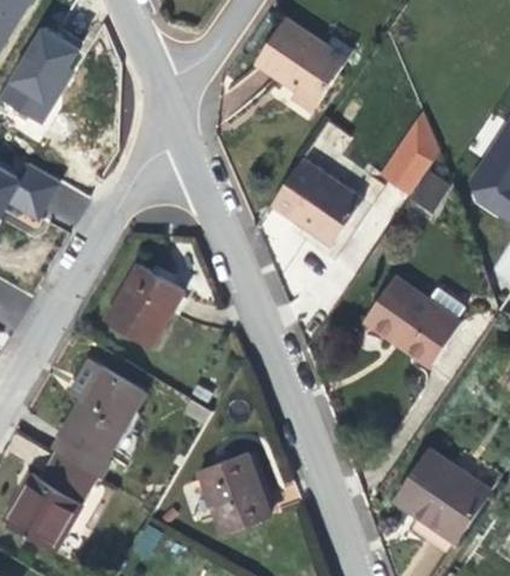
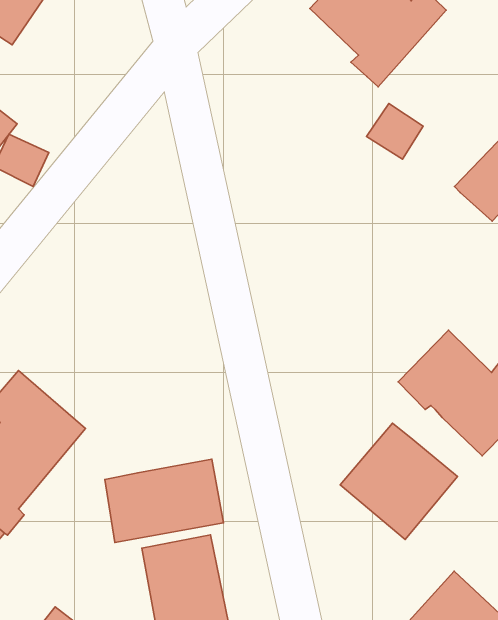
building: [272,159,363,241] -> none
building: [105,265,184,348] -> none
building: none -> [340,423,457,539]
building: none -> [105,459,223,543]

